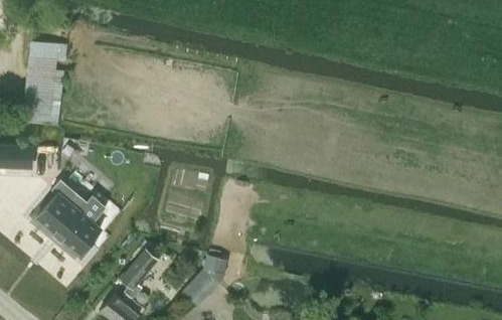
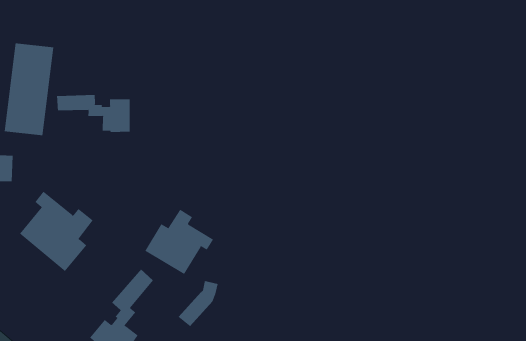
building: none -> [57,94,130,133]
building: none -> [144,209,214,275]

